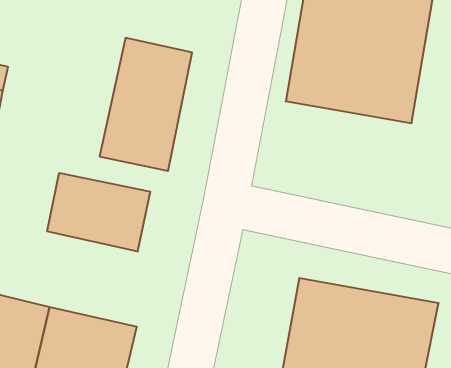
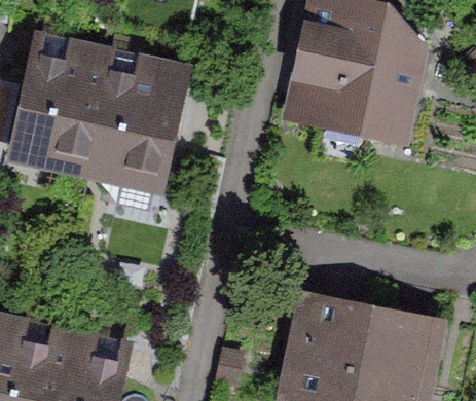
building: none -> [9,37,125,174]
building: [47,173,150,252] -> none

